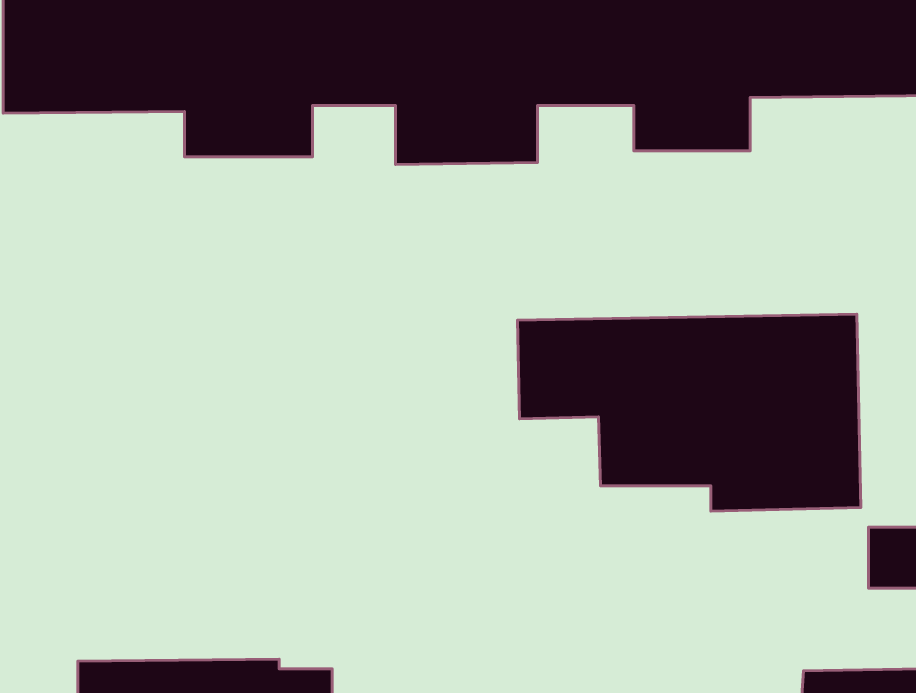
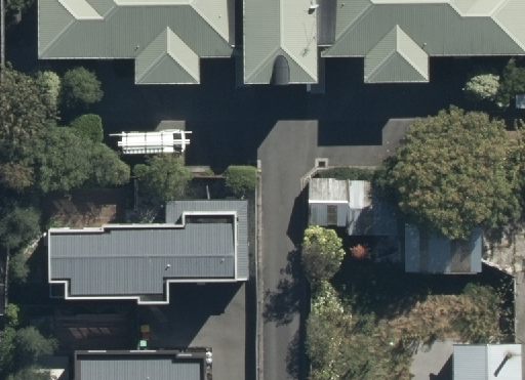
building: none -> [46,215,238,306]

